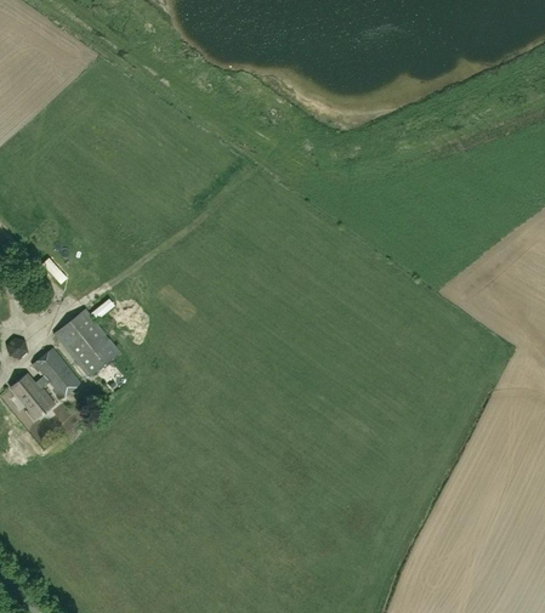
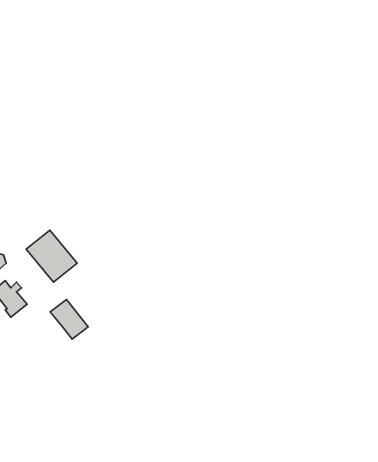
building: [32,348,80,399] -> [50,300,88,339]

